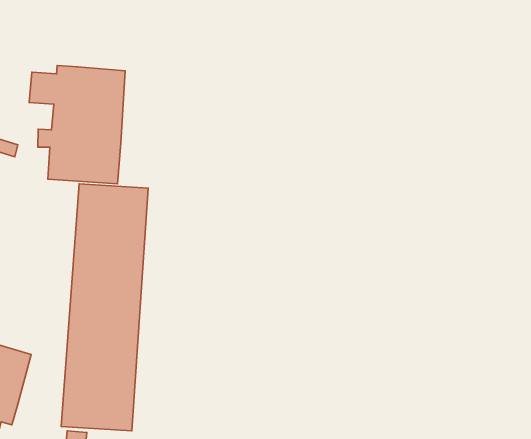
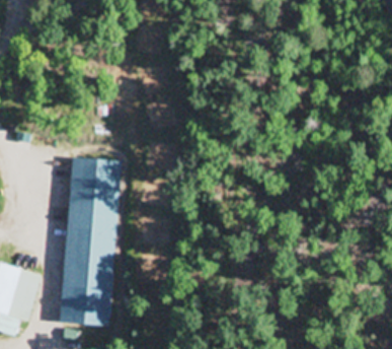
building: [29,66,125,184] -> none

